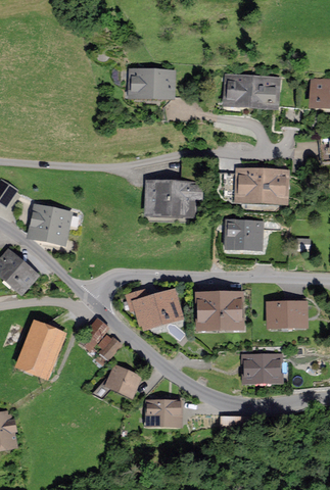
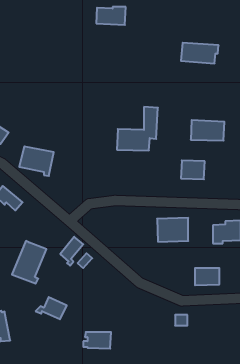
building: [134,74,171,96] -> [96,7,126,25]
building: [129,292,178,325] -> none
building: [100,368,139,395] -> [36,297,67,319]
building: [144,403,179,424] -> [83,332,111,349]

